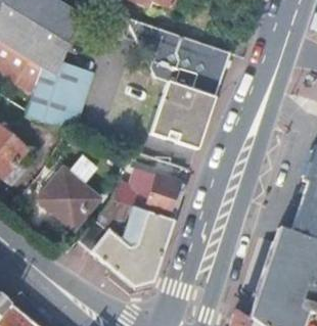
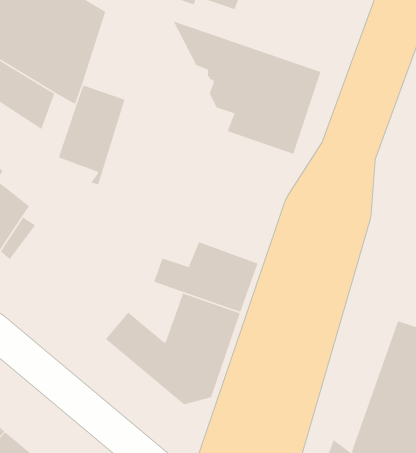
building: [28,68,74,131] -> none
building: [150,95,211,151] -> none
building: [41,170,101,230] -> none

